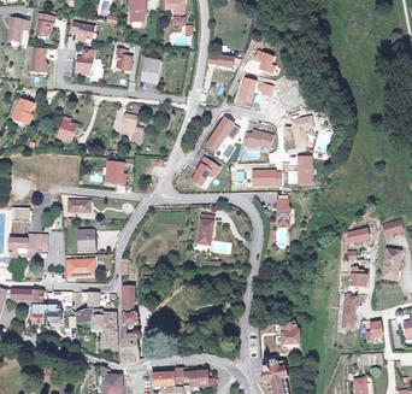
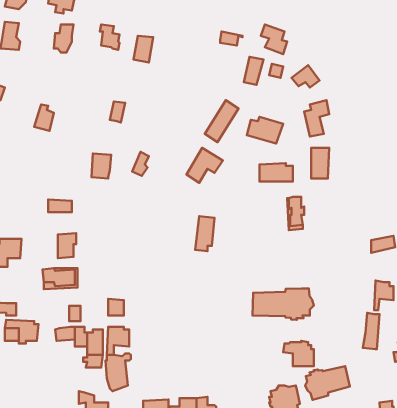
building: none -> [253,288,314,320]
building: none -> [305,366,350,400]

